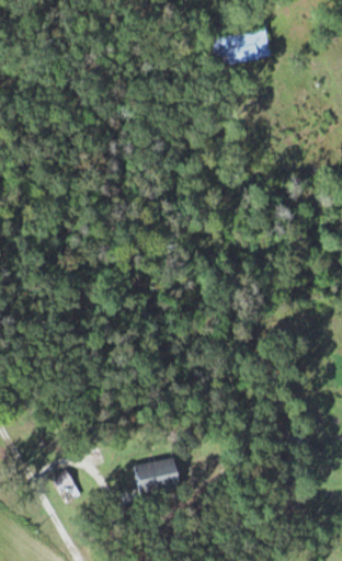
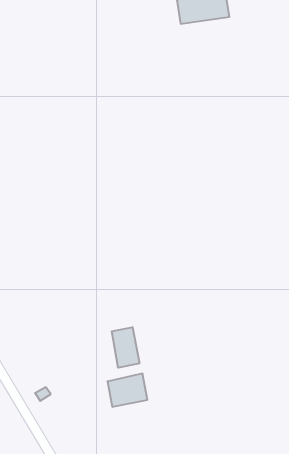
building: none -> [112,327,139,368]

